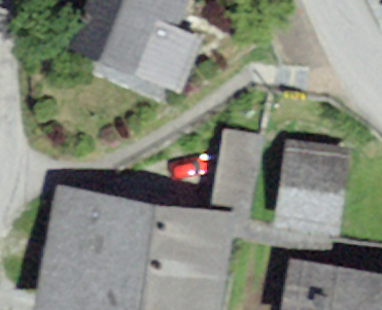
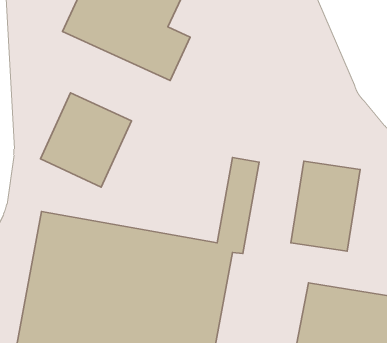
building: none -> [40,93,131,187]

